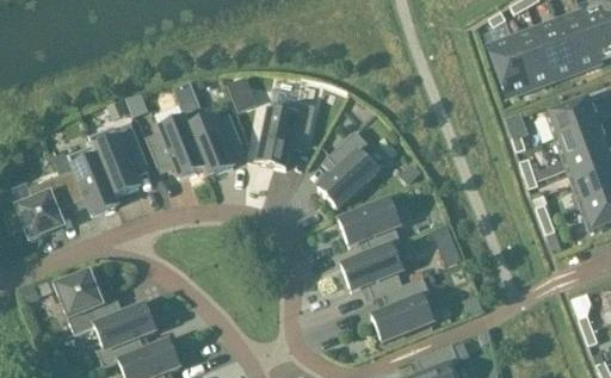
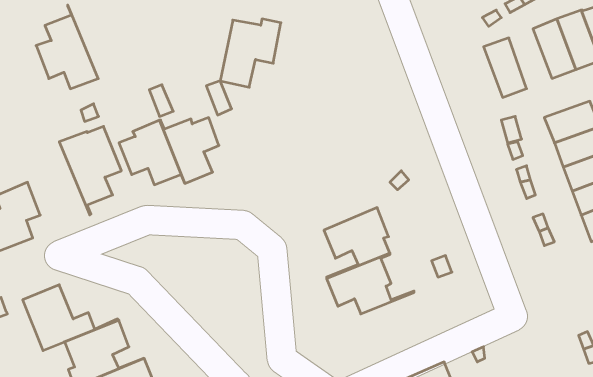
building: [513,29,554,85] -> none
building: [258,101,315,166] -> [220,19,281,87]
building: [319,129,381,206] -> none
building: [60,135,118,213] -> [36,5,98,89]
building: [372,277,433,340] -> none

